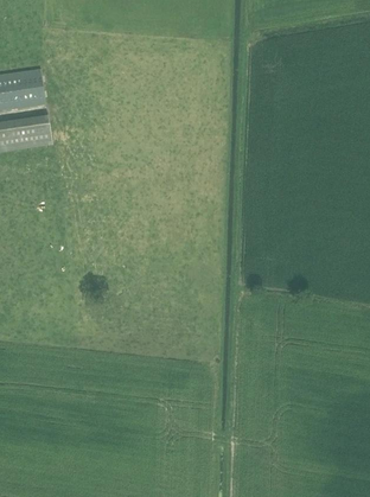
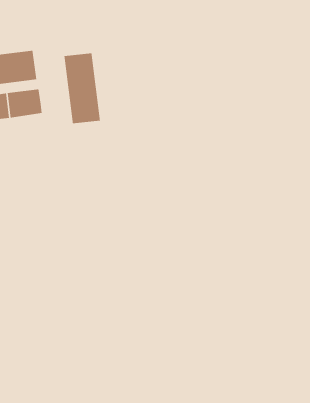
building: none -> [64,52,101,124]

